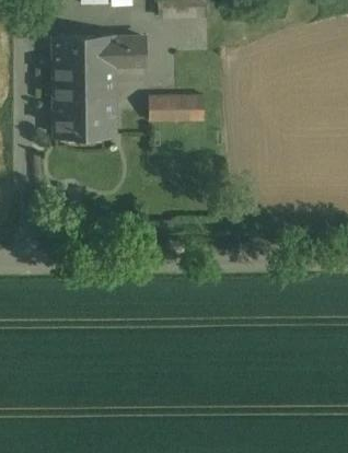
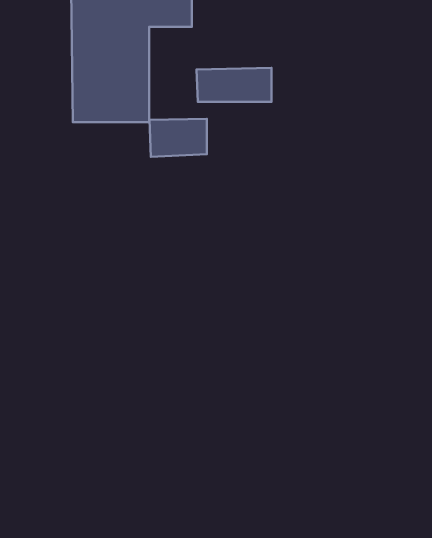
building: none -> [149,119,207,157]

